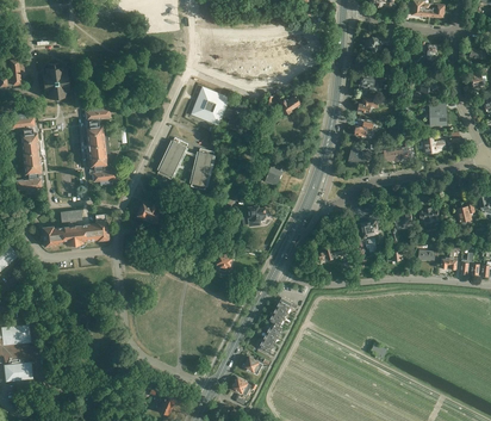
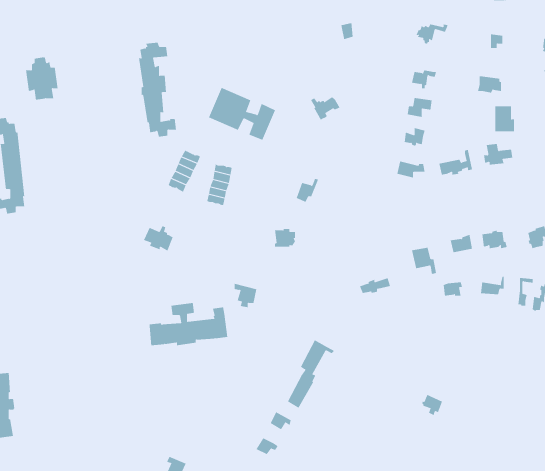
building: [85,106,117,185] -> [138,42,177,137]
building: [43,210,108,246] -> [149,303,228,346]

